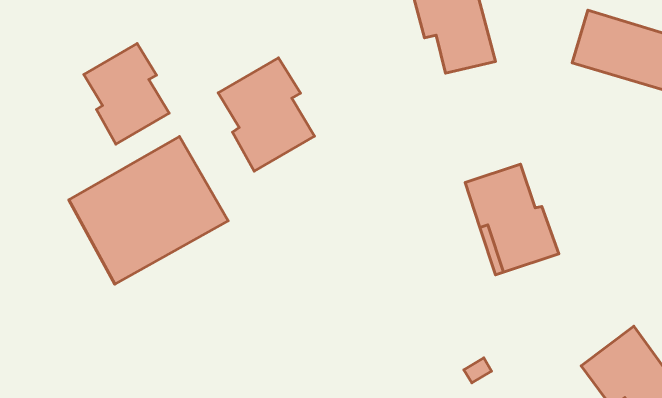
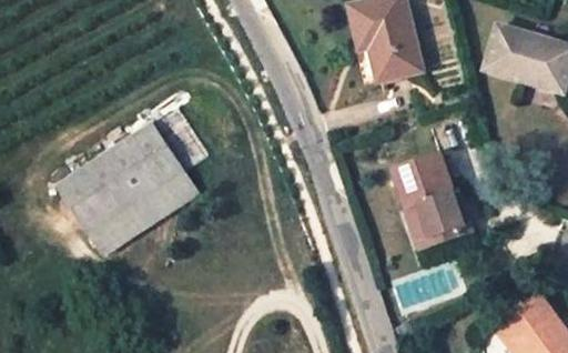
building: [84,44,169,144] -> none
building: [218,58,315,171] -> none

